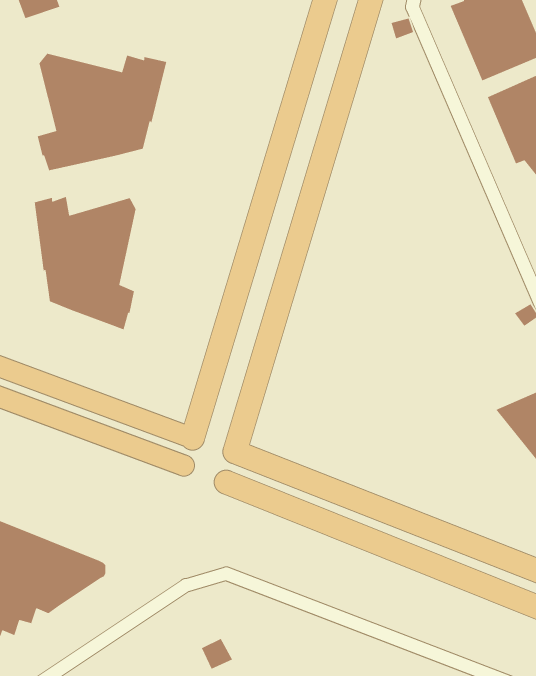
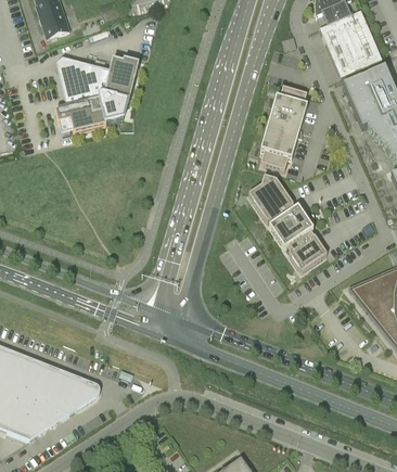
building: none -> [260,87,307,169]
building: [34,196,137,330] -> none
building: none -> [248,175,328,270]

